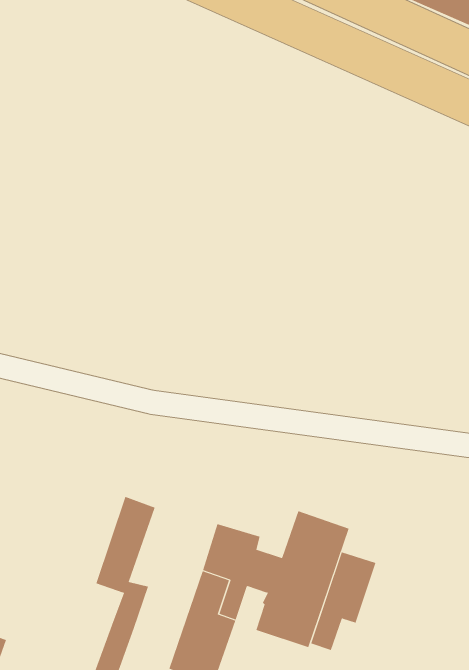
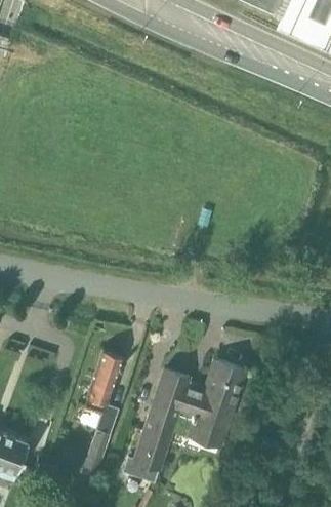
building: [310,552,376,651] -> none

